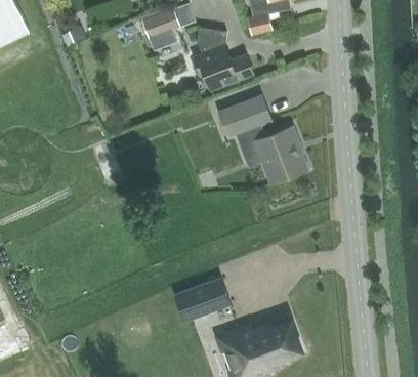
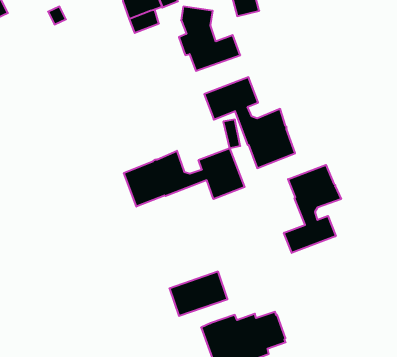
building: none -> [124,148,245,207]
building: none -> [284,165,341,253]

